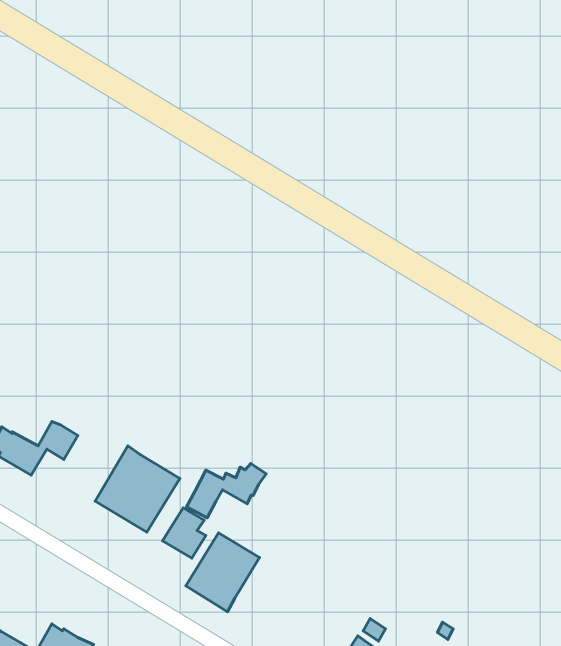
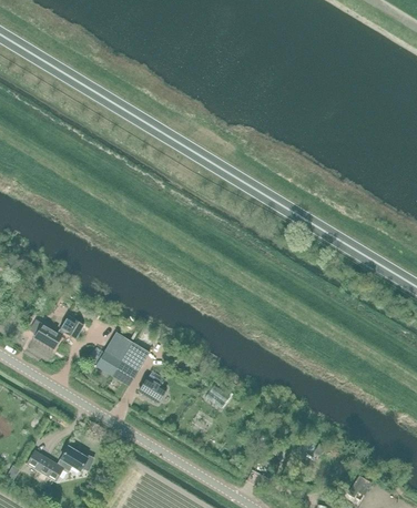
building: [186,463,266,518] -> none
building: [186,533,260,612] -> none

